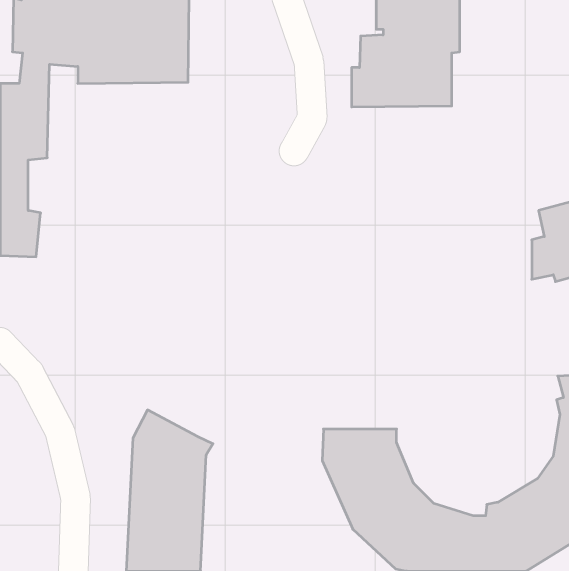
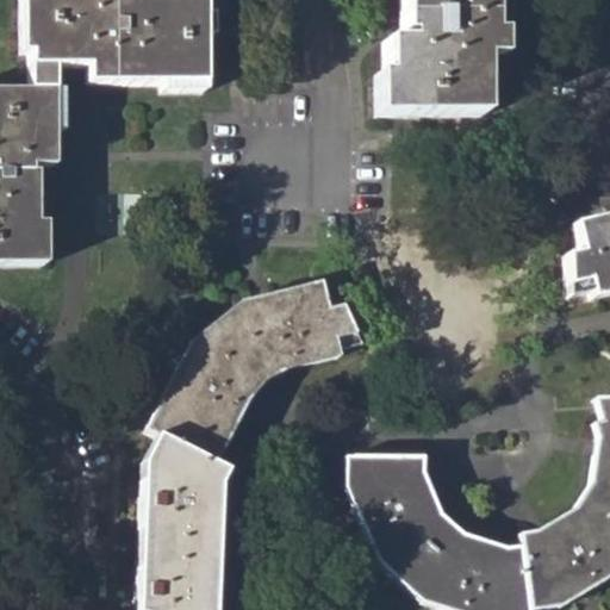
building: none -> [150,281,360,462]

